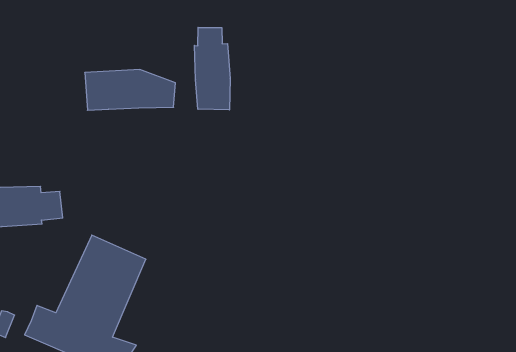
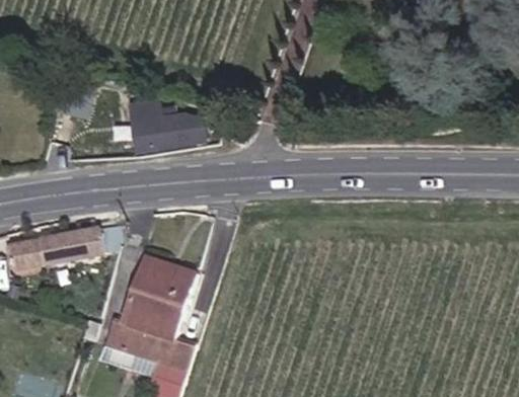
building: [194,27,230,110] -> none

